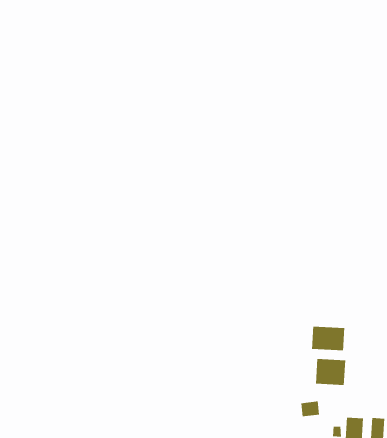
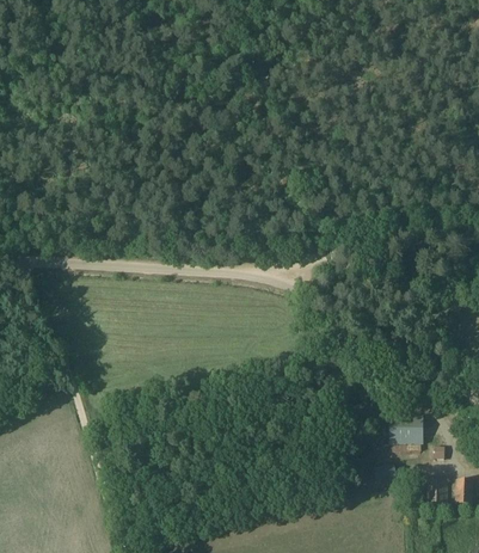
building: [311,326,345,351] -> none

